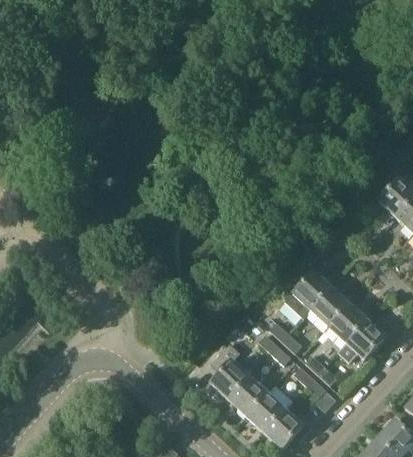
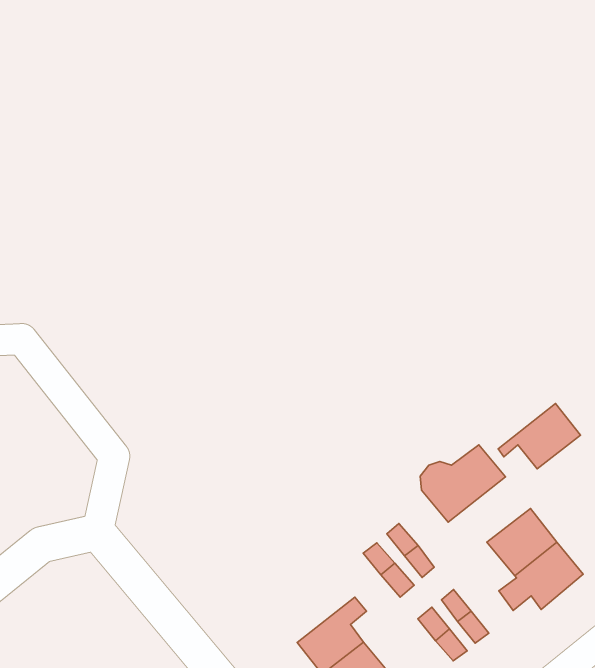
building: [304,286,350,325] -> [498,403,581,469]
building: [210,343,257,399] -> none

